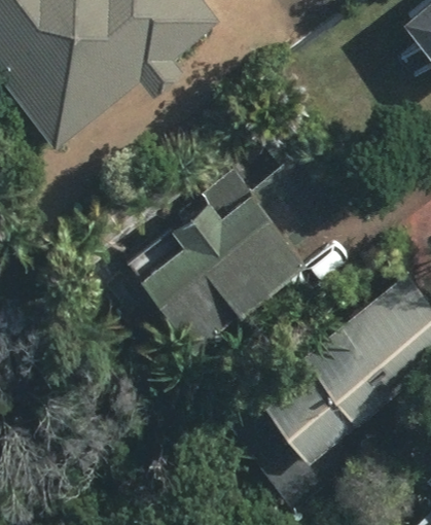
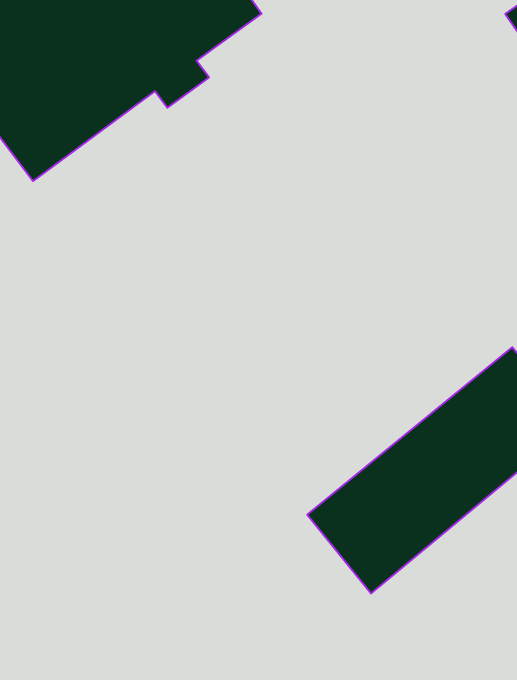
building: [136,190,307,344] -> none

